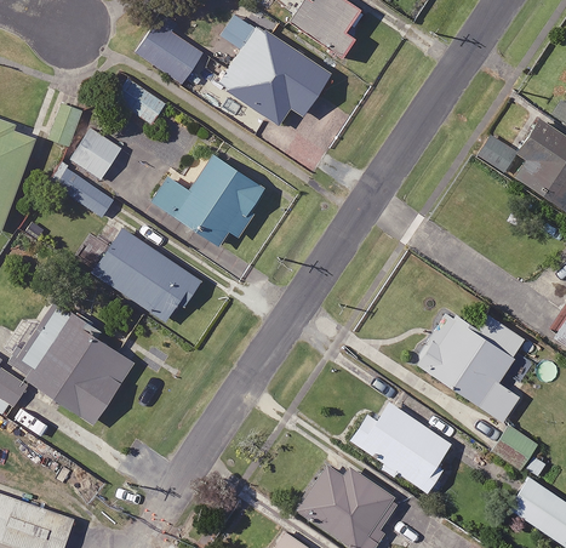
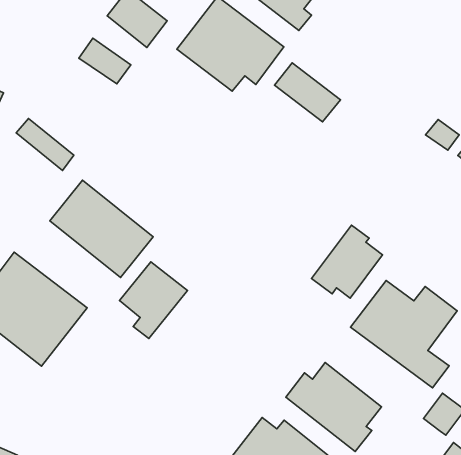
building: none -> [274,63,340,122]
building: [72,130,122,179] -> none
building: [151,154,265,250] -> none
building: none -> [311,225,382,298]
building: none -> [119,262,188,339]

